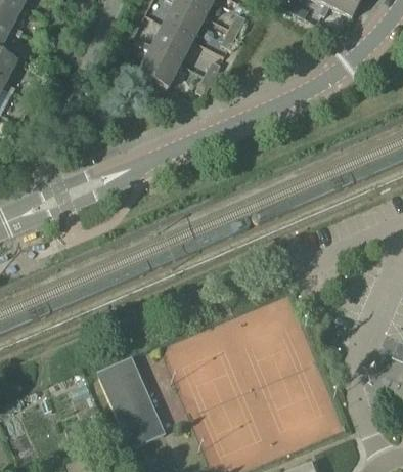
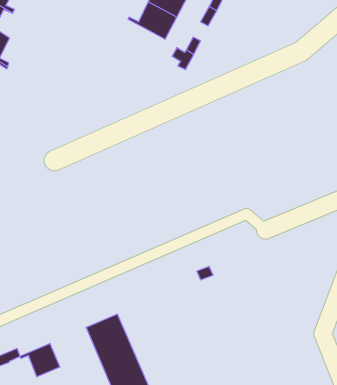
building: [139,40,182,86] -> none
building: none -> [20,343,60,377]

